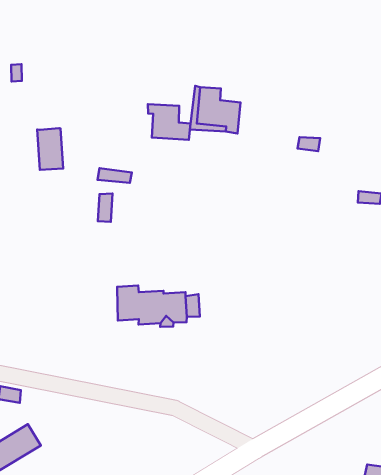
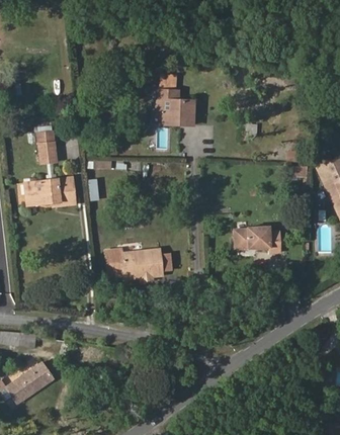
building: [148,104,191,140] -> none
building: none -> [29,177,76,205]
building: none -> [234,227,280,252]

